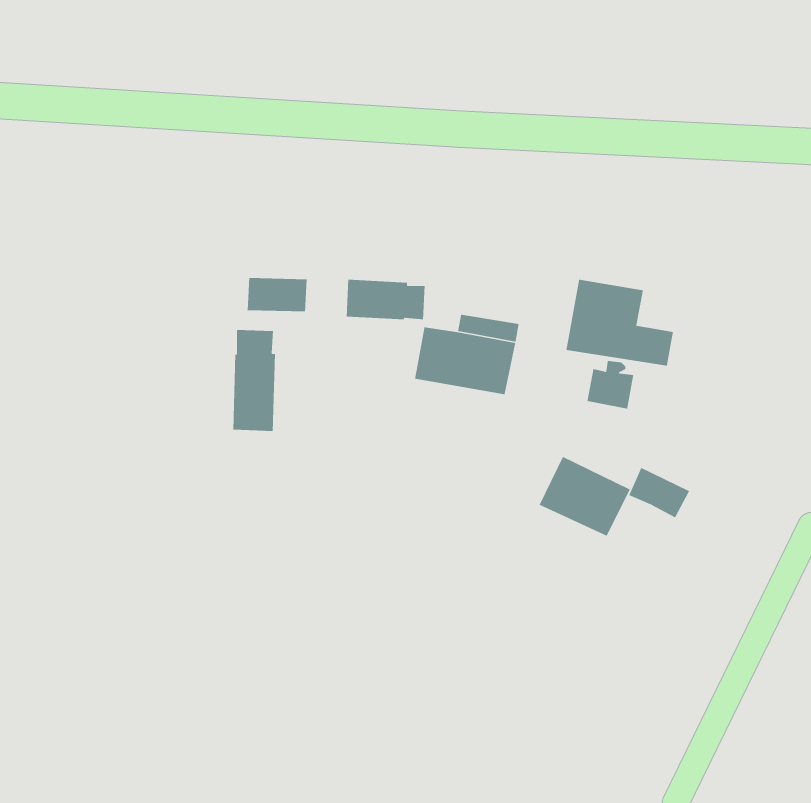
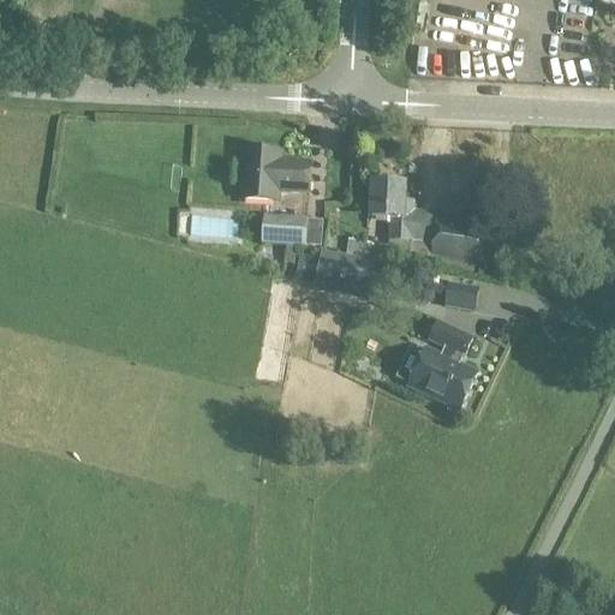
building: none -> [240,144,310,197]
building: none -> [370,179,436,264]
building: [232,329,276,432] -> none
building: [628,467,690,518] -> [426,315,473,353]

